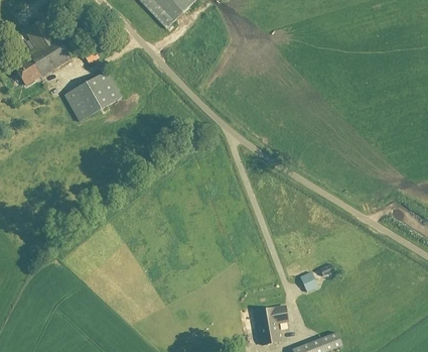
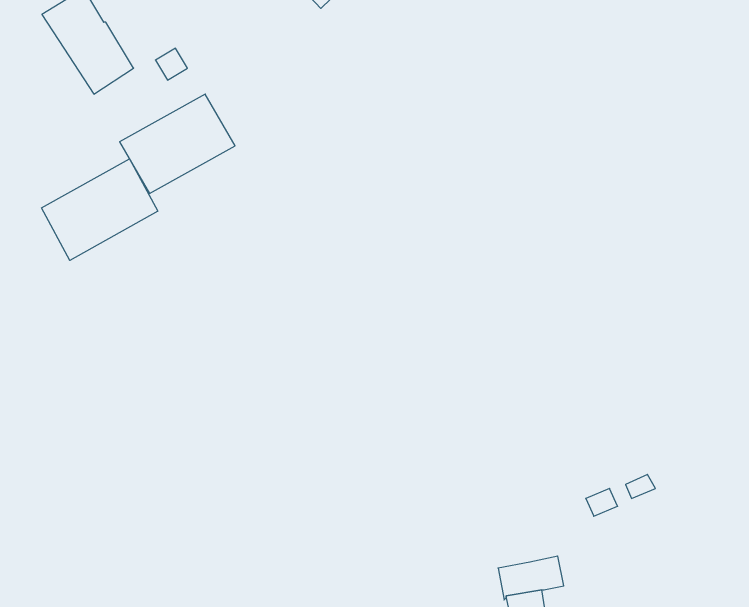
building: [13,47,51,85] -> none
building: none -> [42,159,158,260]

